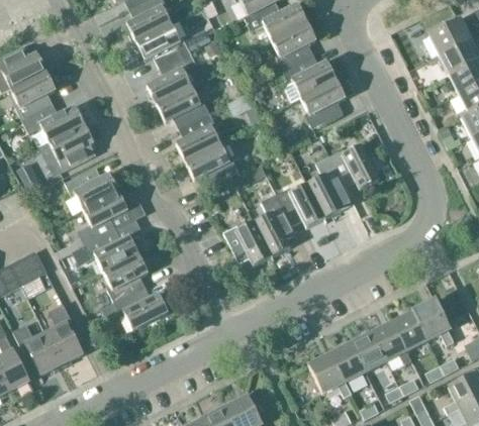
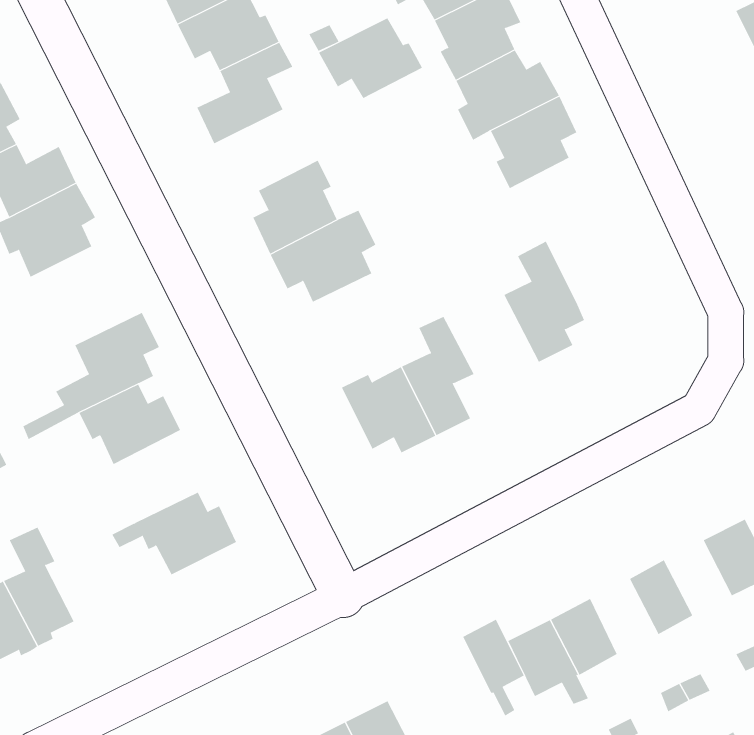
building: [156,85,210,127] -> [318,18,423,99]
building: [329,143,379,188] -> none
building: [64,166,118,208] -> none
building: [276,182,325,226] -> none
building: [103,252,148,301] -> none
building: [391,310,426,349] -> none
building: [353,330,388,369] -> none
building: none -> [462,619,525,717]

